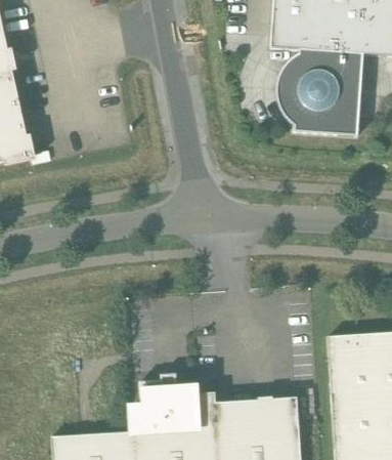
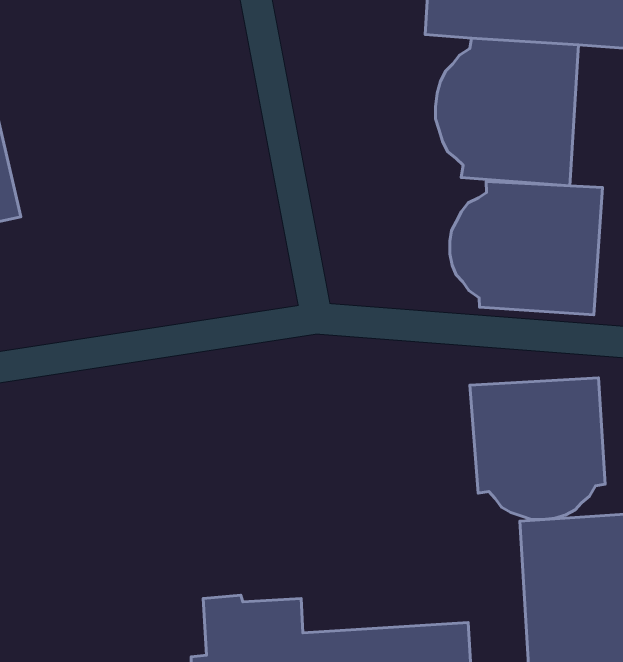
building: none -> [450,182,603,315]
building: none -> [470,378,605,520]

